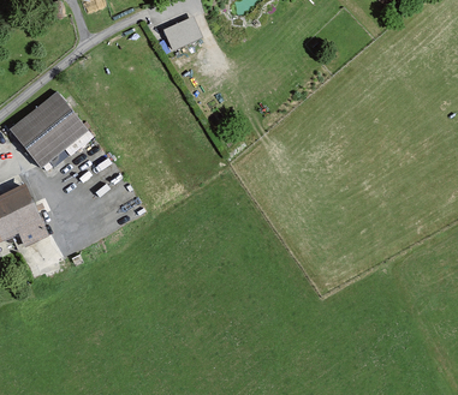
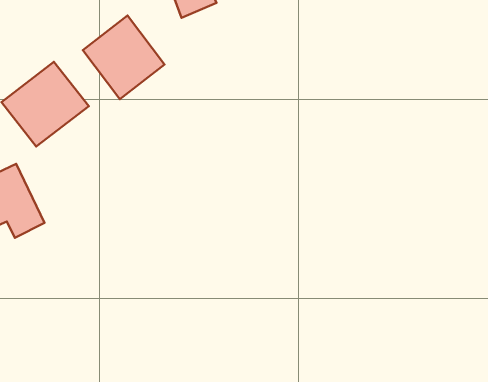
building: none -> [83,16,165,99]

